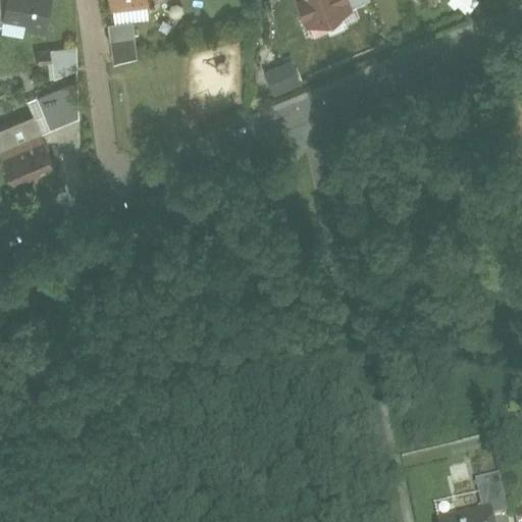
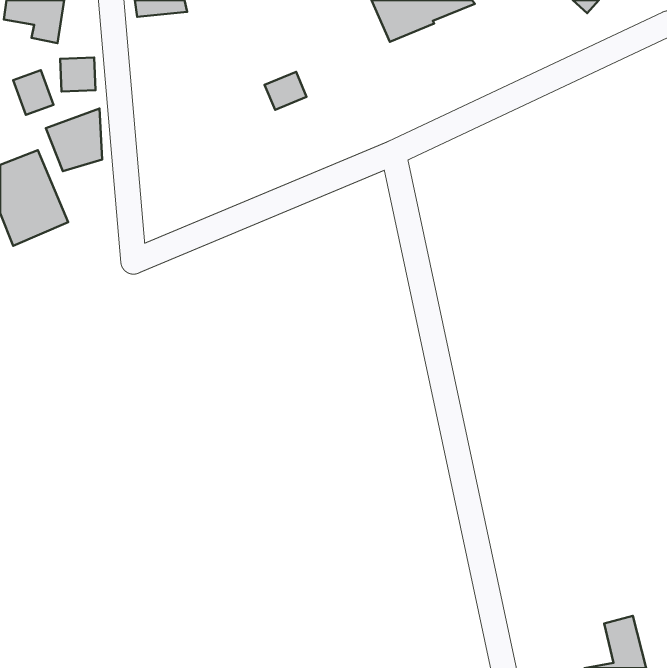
building: [107,19,135,58] -> none
building: none -> [13,70,54,115]
building: [263,65,296,95] -> [265,72,306,110]

